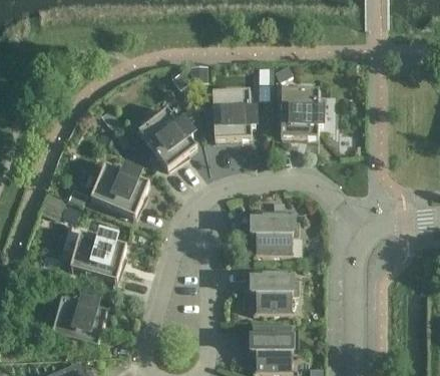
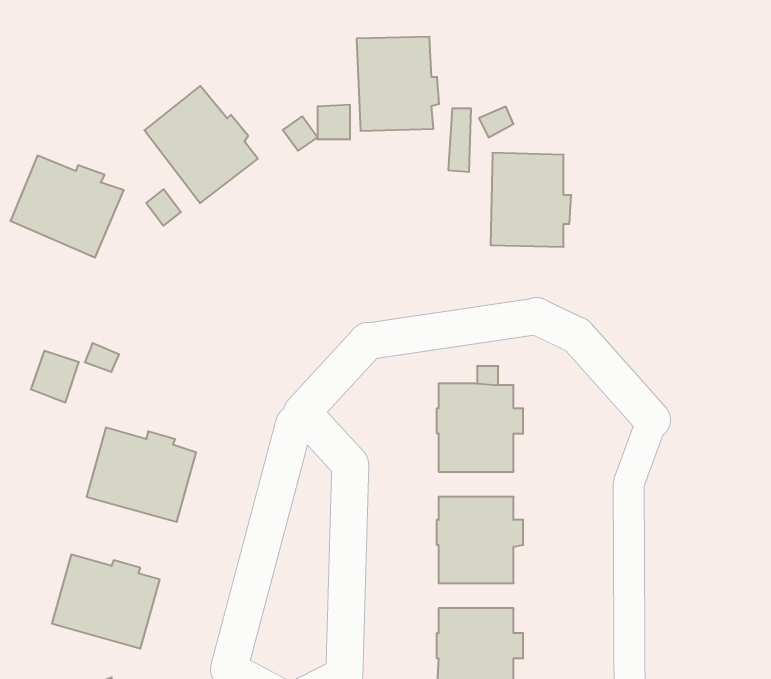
building: [211,90,255,139] -> [357,37,439,131]
building: [137,107,196,168] -> [144,86,258,203]
building: [90,163,149,217] -> [10,156,124,258]

